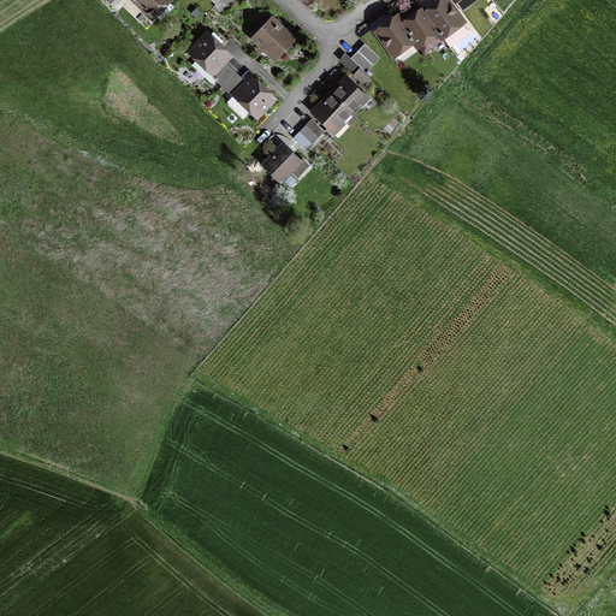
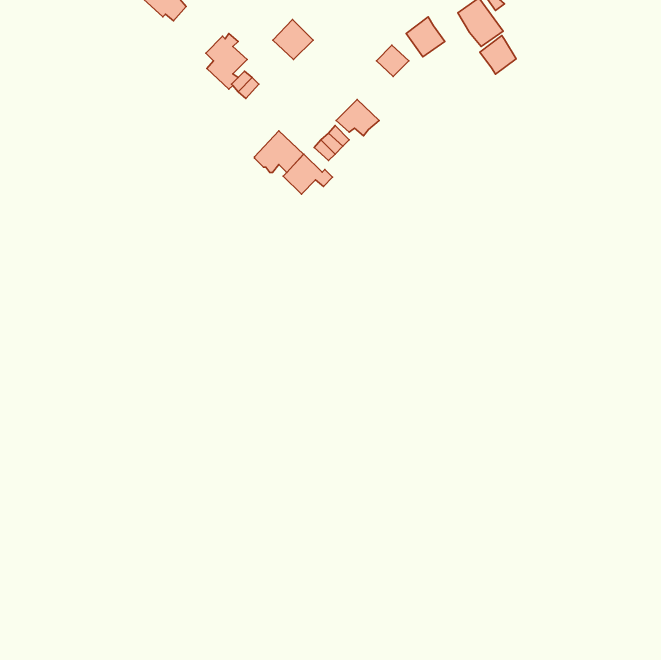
building: [403,8,437,45] -> [480,35,516,74]
building: [229,76,274,114] -> [254,131,304,172]
building: [332,77,371,112] -> none

